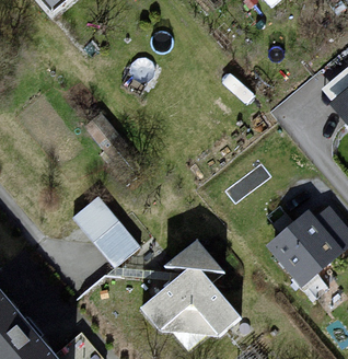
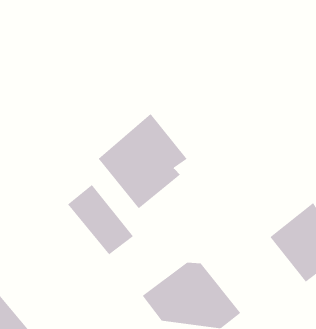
building: none -> [98,113,188,209]
building: [163,240,225,275] -> none

